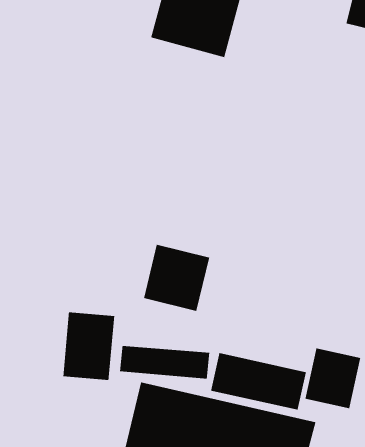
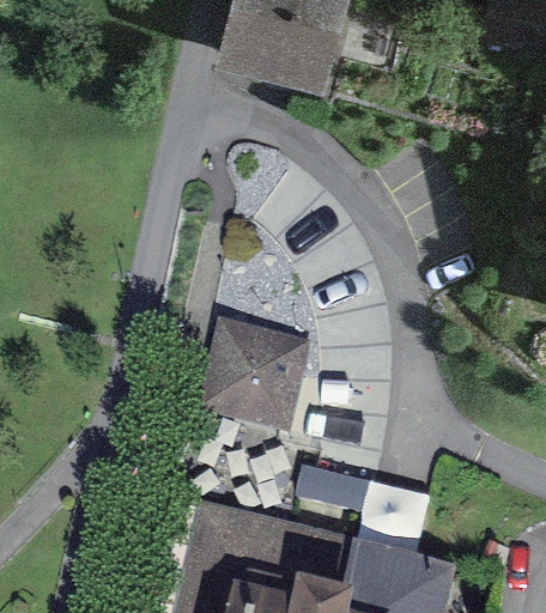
building: [62,311,115,381] -> none
building: [305,347,361,409] -> none

